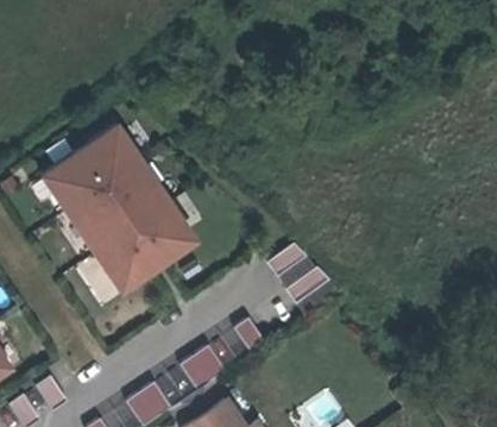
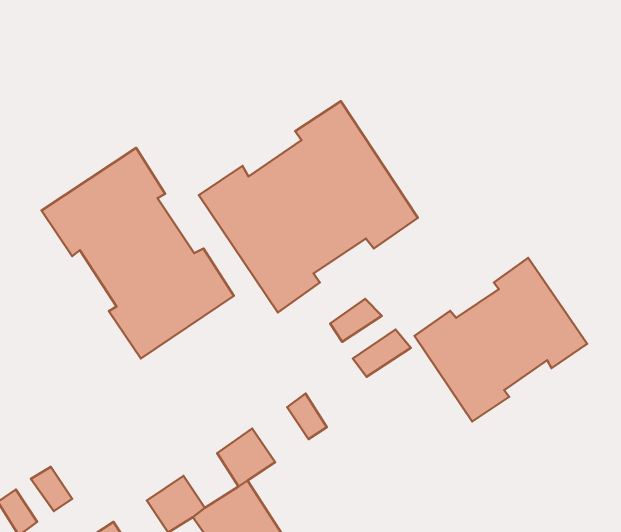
building: none -> [199,101,418,313]
building: none -> [414,258,587,422]

